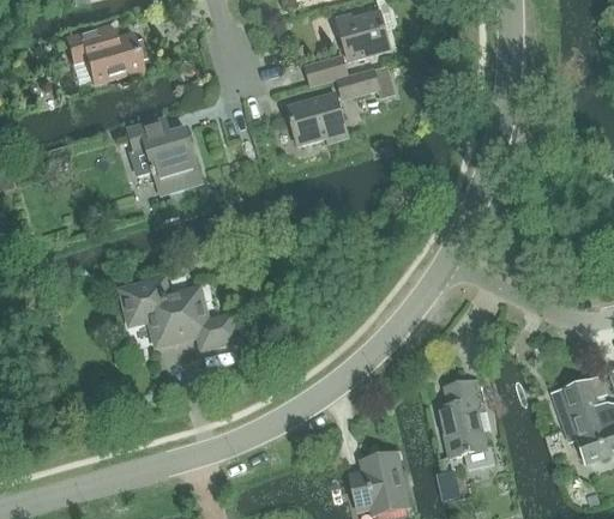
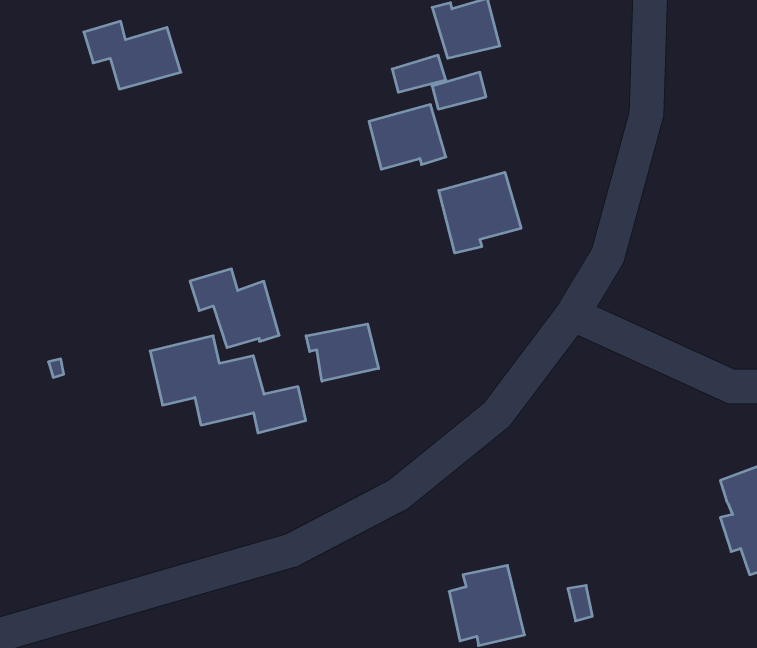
building: [128,119,198,180] -> [190,269,279,348]
building: none -> [439,172,521,253]
building: none -> [306,324,379,381]
building: [440,379,494,469] -> none

